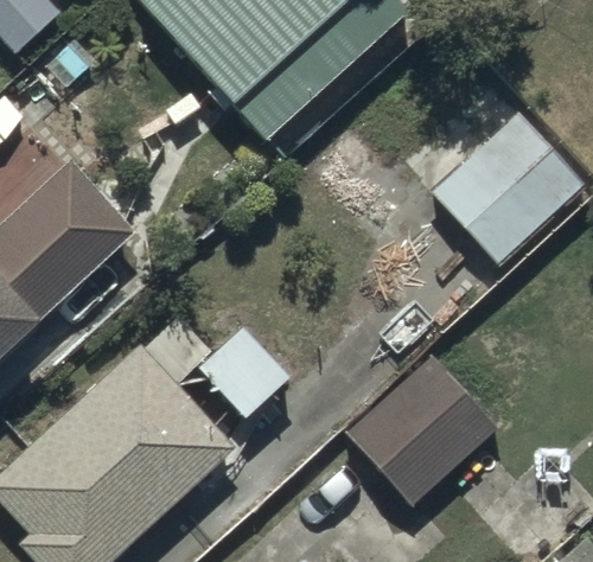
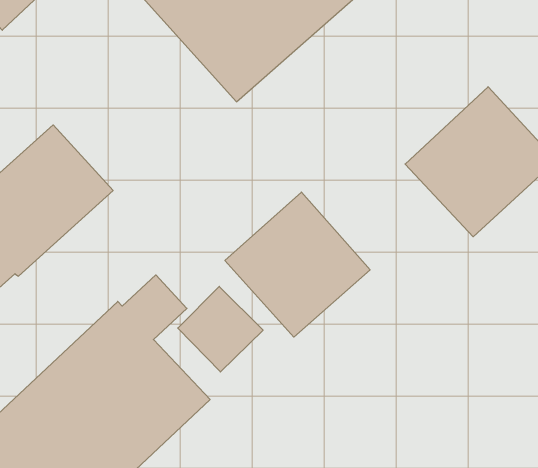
building: none -> [225,192,370,337]
building: [344,357,495,506] -> none

